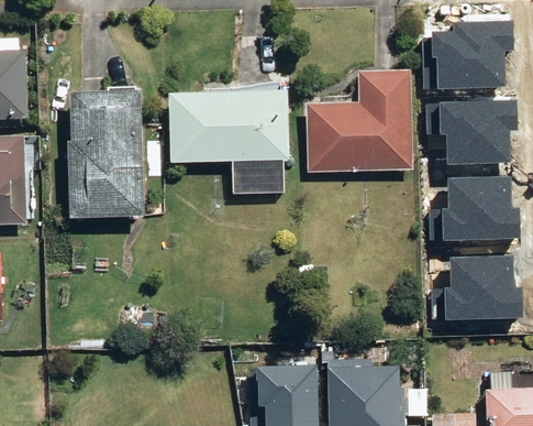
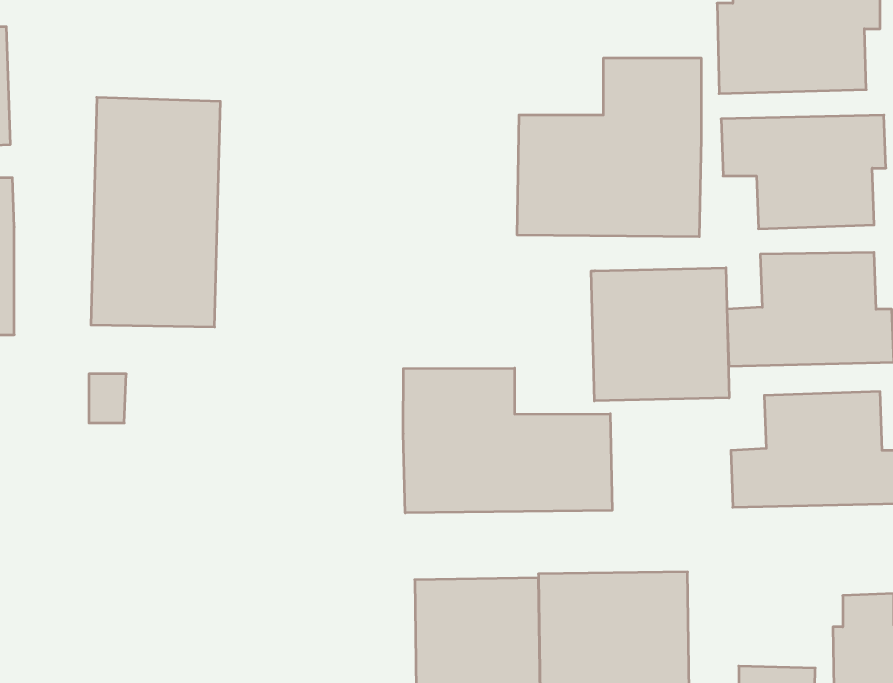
building: [169,91,292,192] -> none
building: none -> [591,268,729,401]
building: none -> [403,368,612,513]

